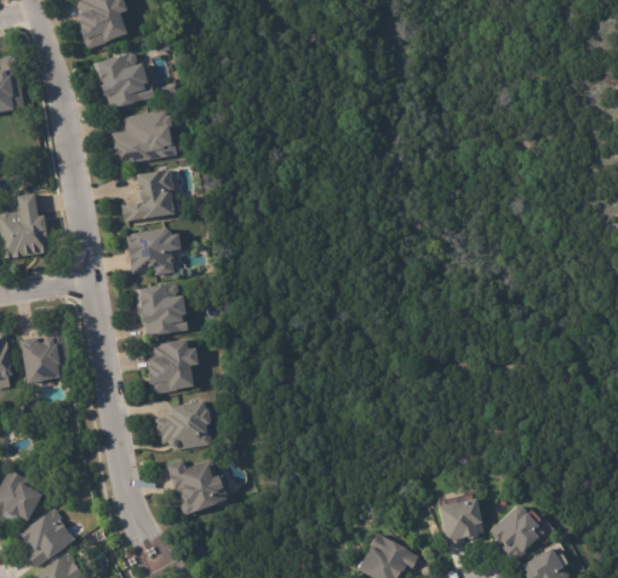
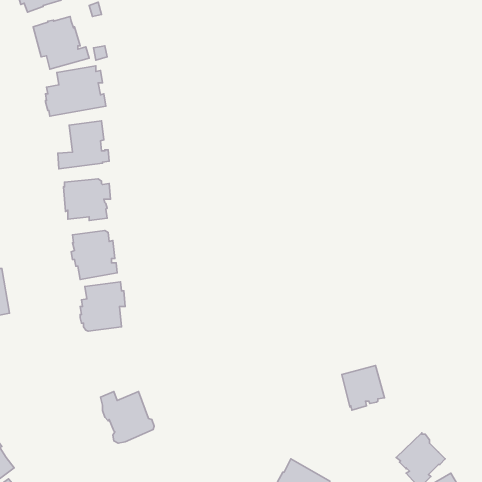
building: [156,400,212,448] -> none
building: [437,496,483,544] -> [342,365,384,410]

